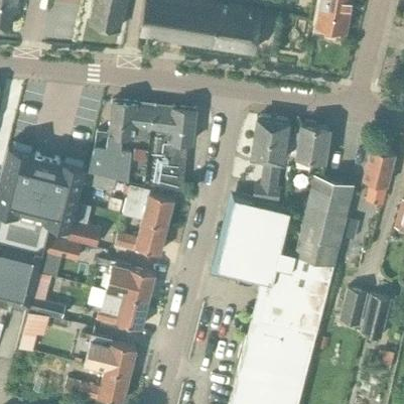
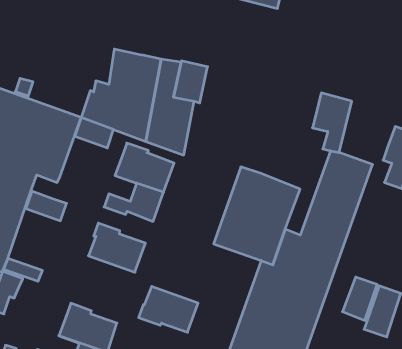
building: [252,119,289,203] -> none
building: [68,222,103,250] -> none
building: [96,291,148,329] -> [139,286,198,332]

